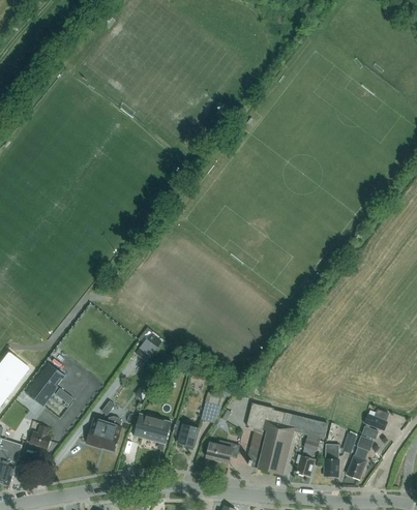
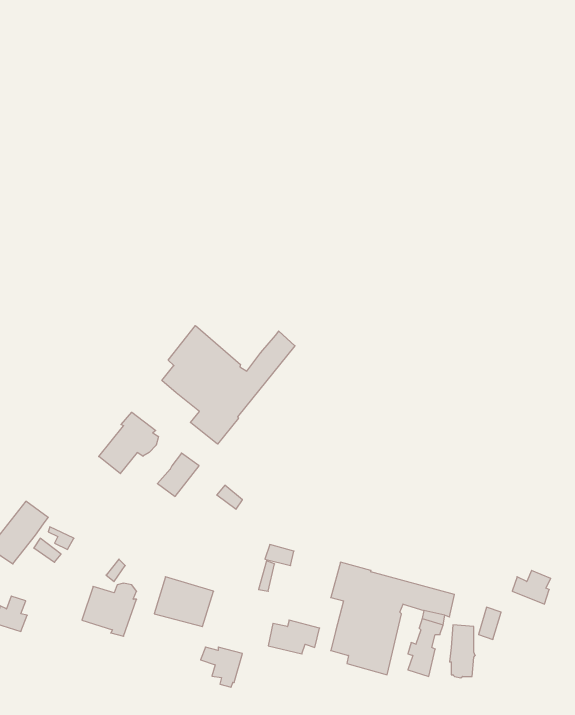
building: none -> [162,326,295,444]
building: none -> [99,412,158,474]
building: [172,425,199,451] -> [201,647,242,687]
building: [348,426,379,479] -> none

